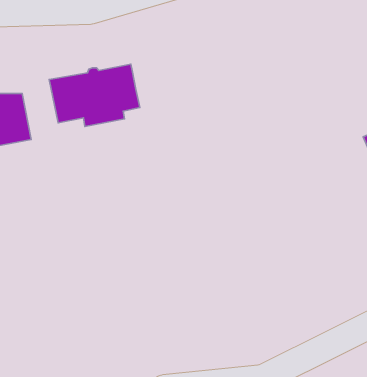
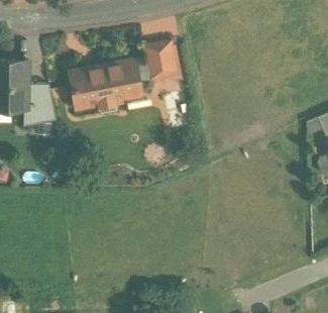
building: none -> [135,40,177,80]

